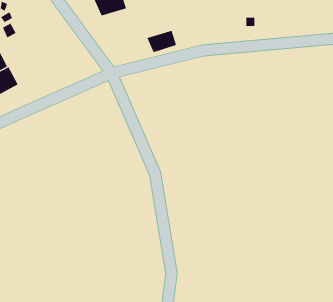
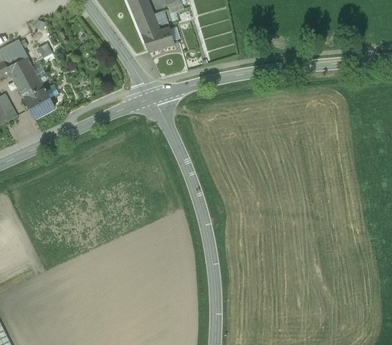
building: [147,30,177,53] -> [142,27,174,51]

